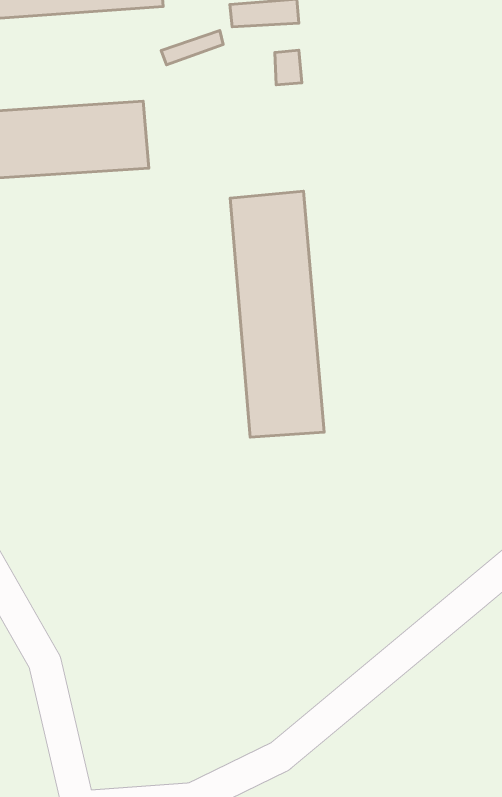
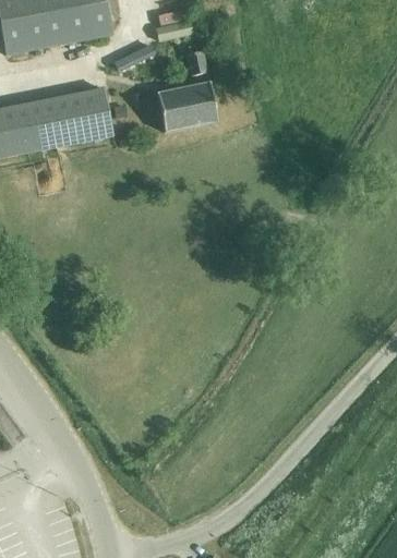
building: none -> [157,81,217,131]
building: [230,191,324,437] -> none

